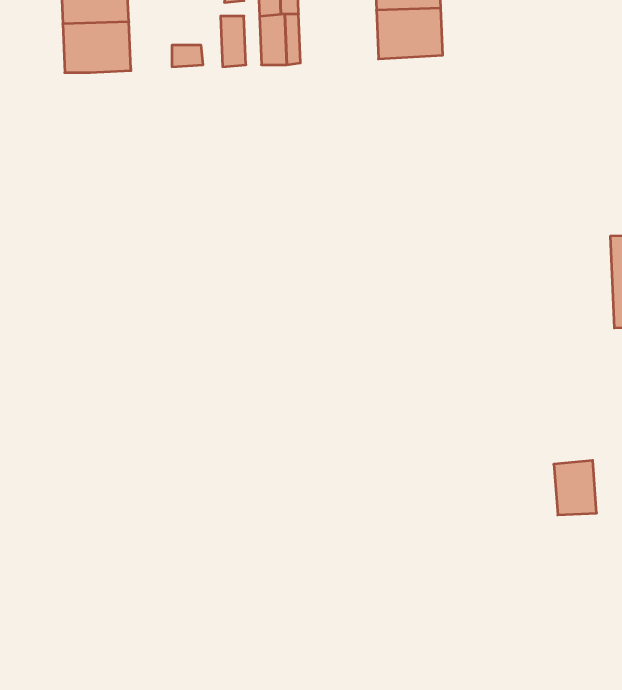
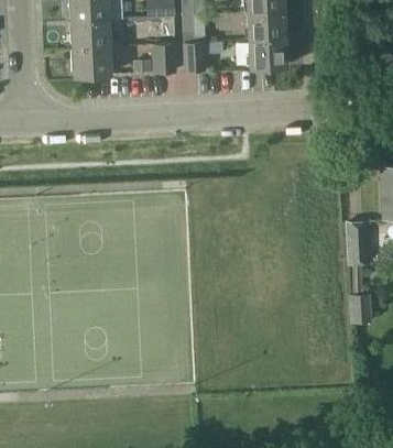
building: none -> [346,221,370,265]

